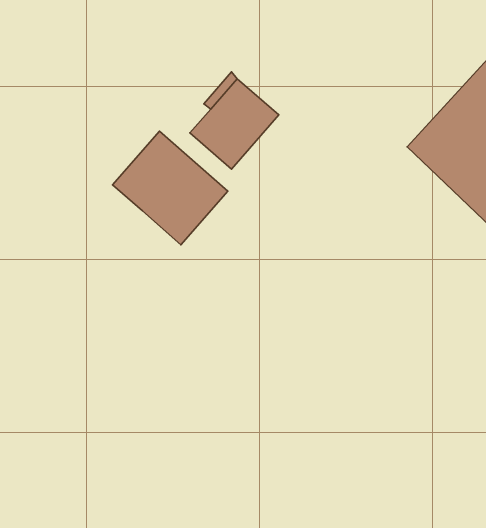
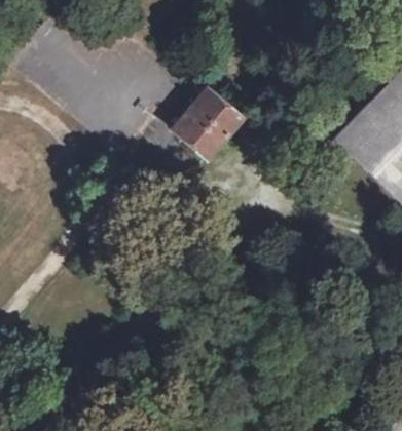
building: [112,131,228,245] -> none

